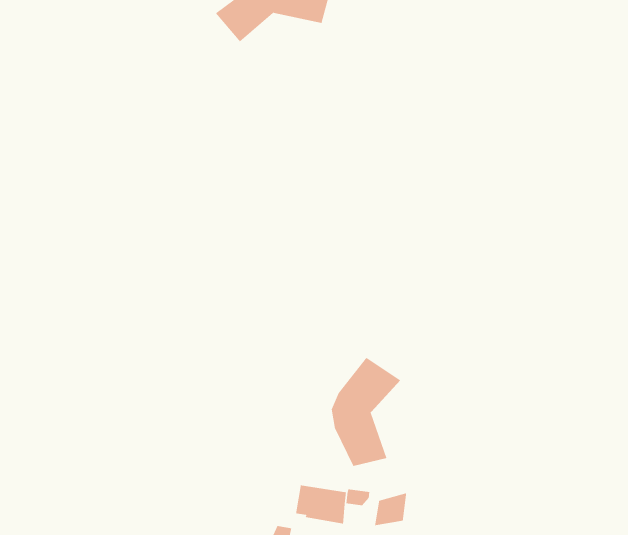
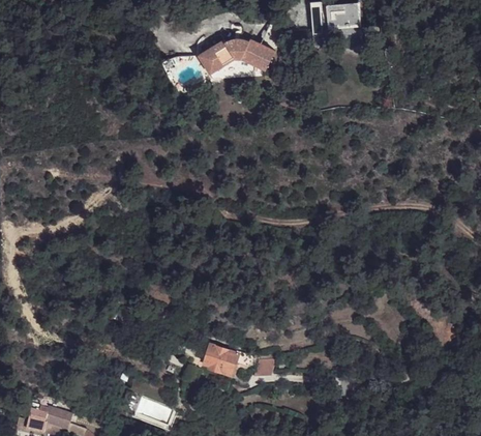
building: [331,357,401,467] -> none

